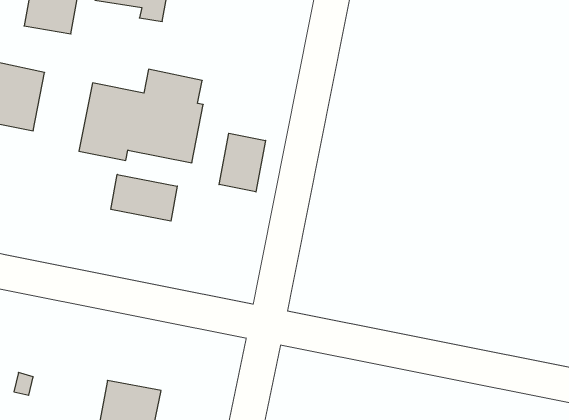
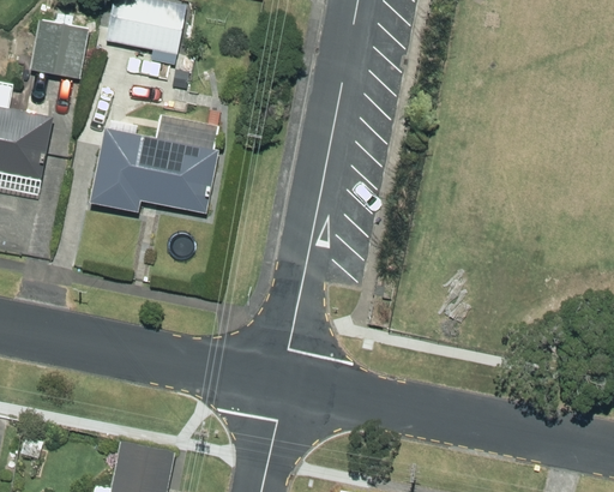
building: [219,133,266,192] -> none
building: [111,174,177,221] -> none

